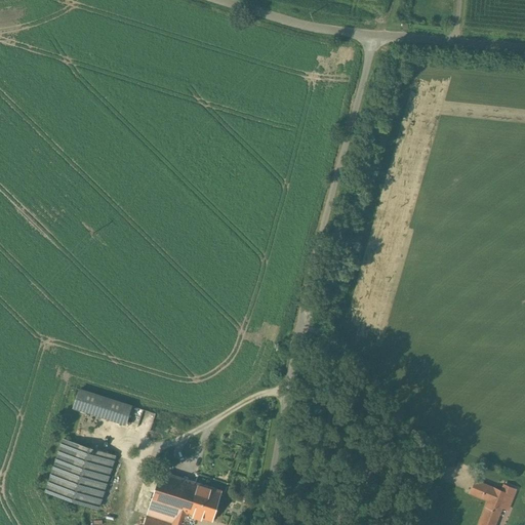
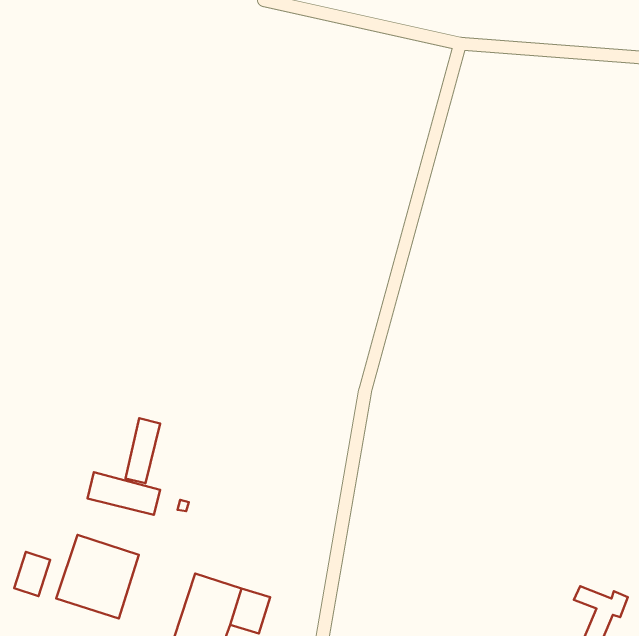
building: none -> [125,418,160,483]
building: none -> [14,552,50,596]

